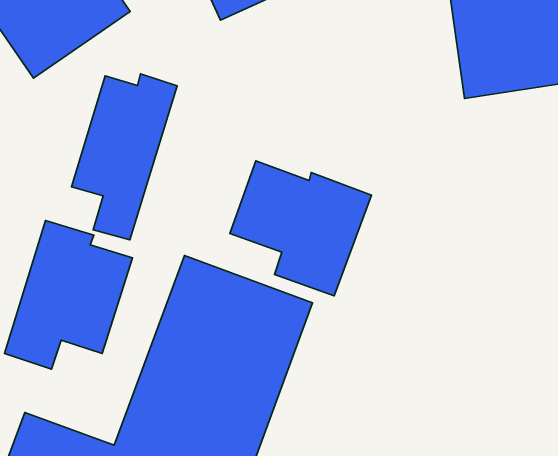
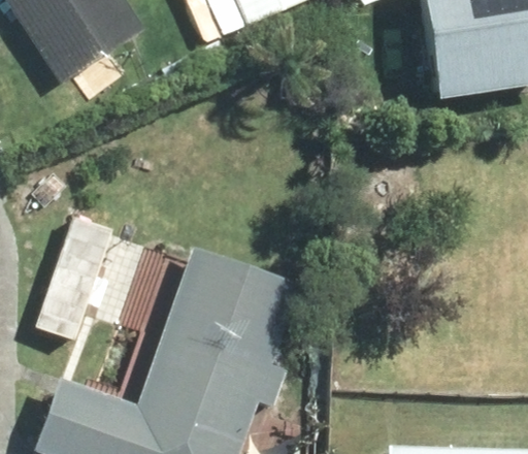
building: [71,74,177,240] -> none
building: [230,161,371,296] -> none

